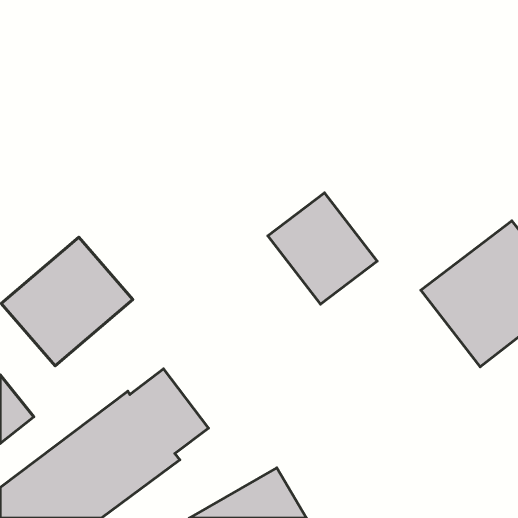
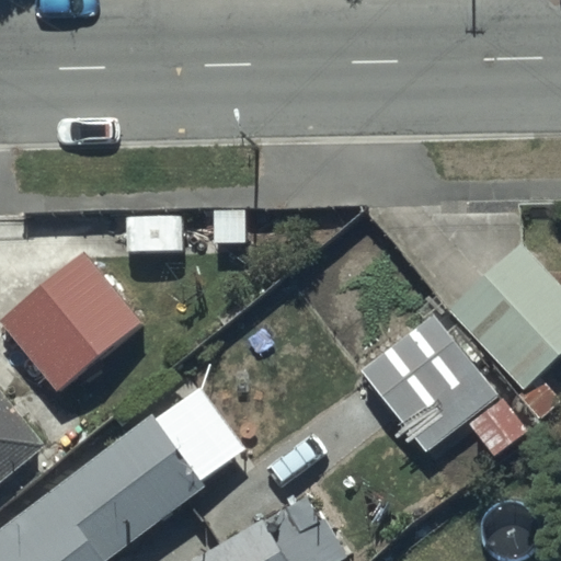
building: [268,193,377,304] -> none
building: none -> [356,316,497,459]

